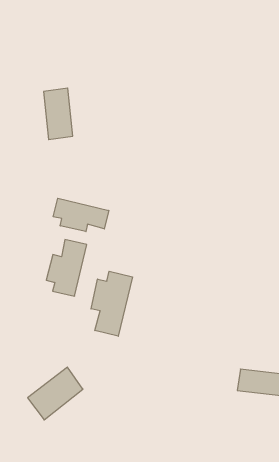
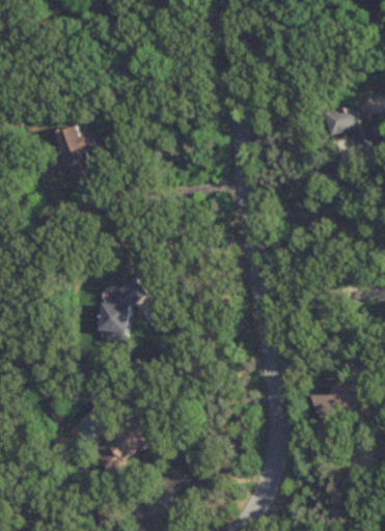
building: [53,198,109,232] -> none
building: [91,271,132,336] -> none

